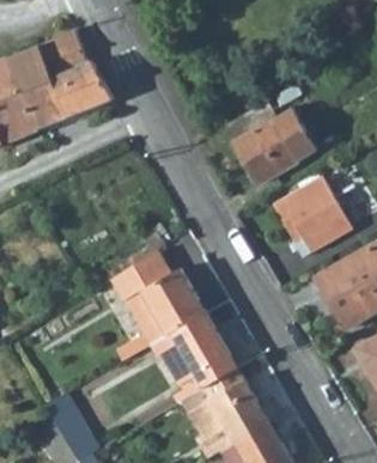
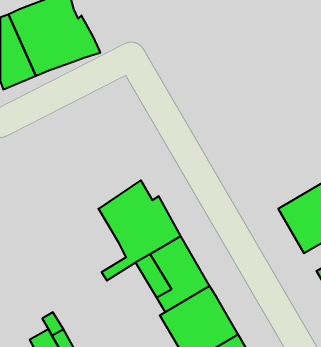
building: [223,83,316,184] -> none
building: [273,177,352,251] -> none

